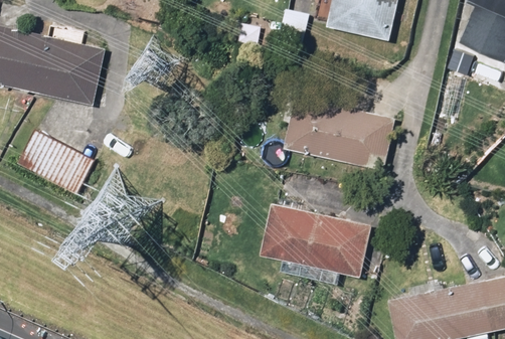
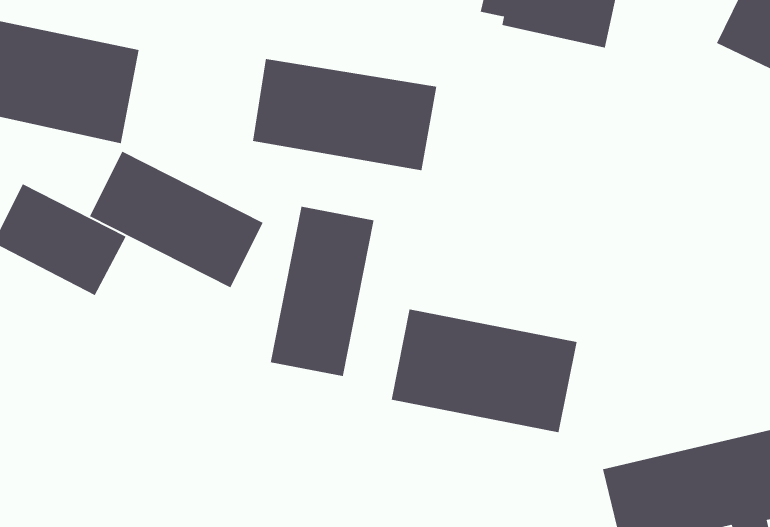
building: [283,99,395,167] -> [252,58,437,171]
building: none -> [89,151,263,288]
building: none -> [270,206,374,377]

